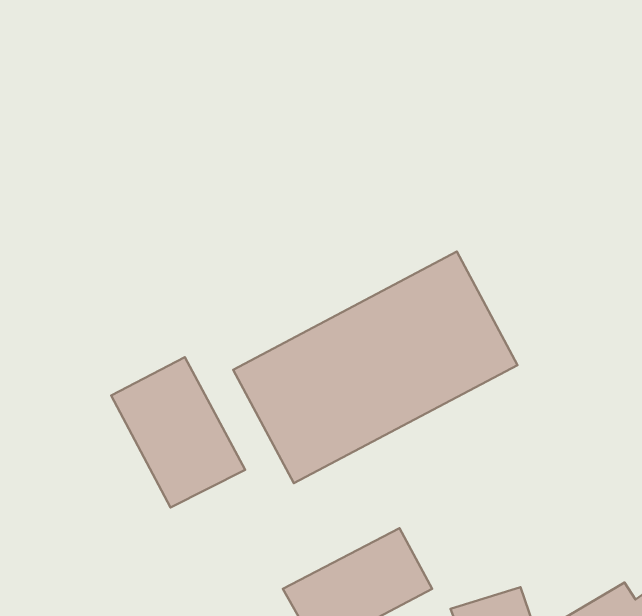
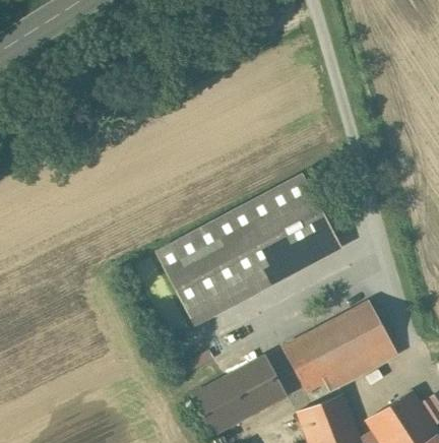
building: [111,357,245,507] -> none
building: none -> [280,303,394,390]

